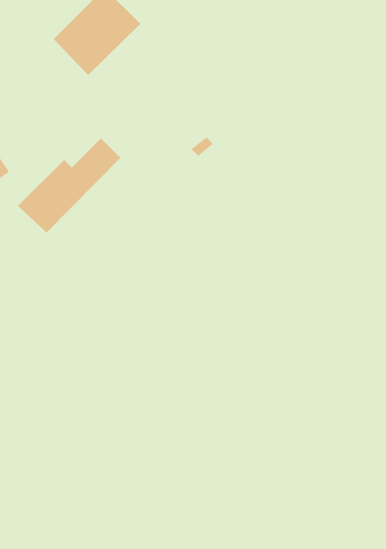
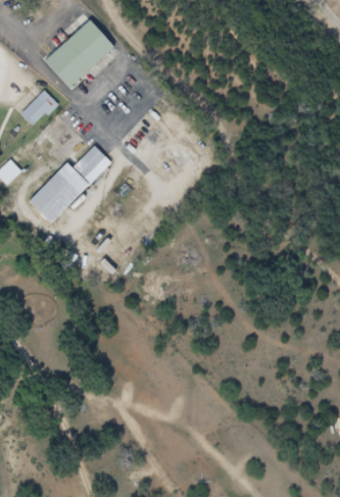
building: none -> [19,90,56,125]

